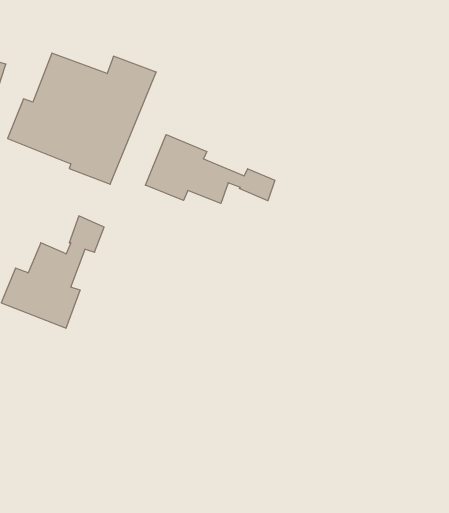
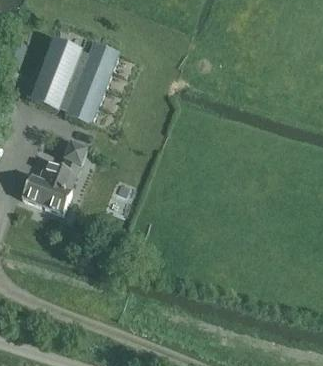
building: [145,135,275,203] -> none

